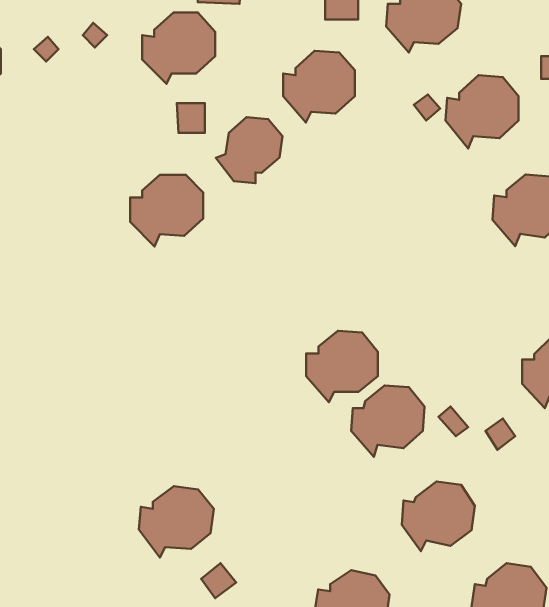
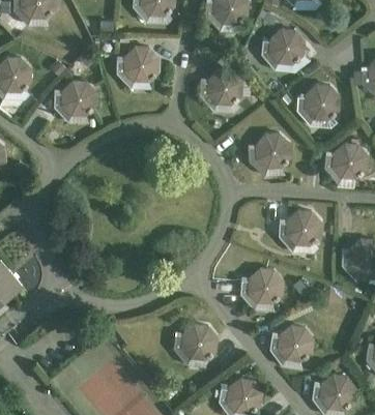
building: [216,117,283,183] -> none
building: none -> [248,131,291,176]
building: [130,175,203,246] -> [54,80,97,122]
building: [306,331,378,402] -> [279,209,321,251]
building: [139,486,214,558] -> [174,323,219,365]

